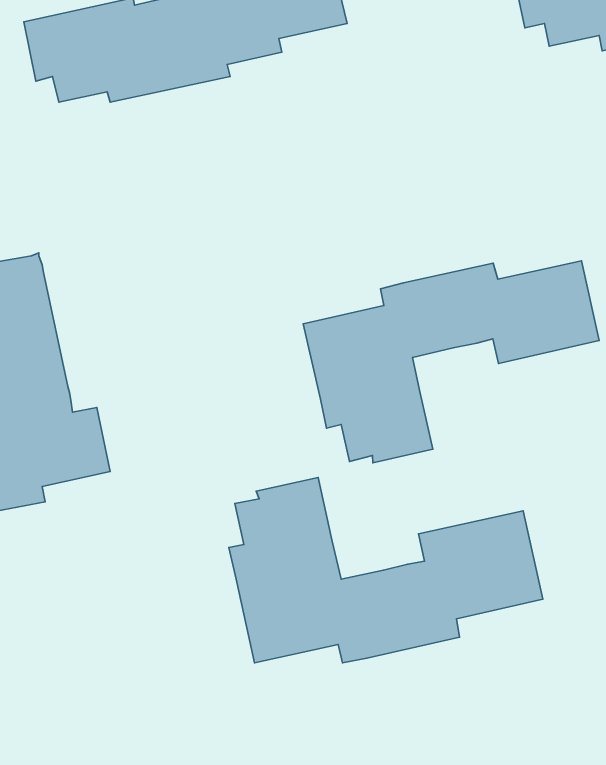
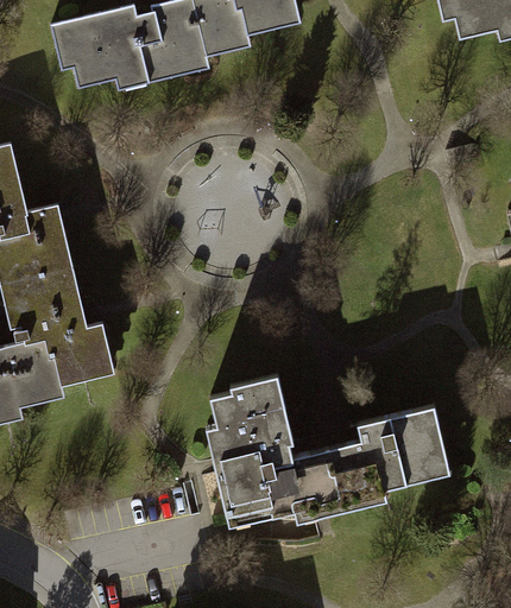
building: [303,261,599,463] -> none

